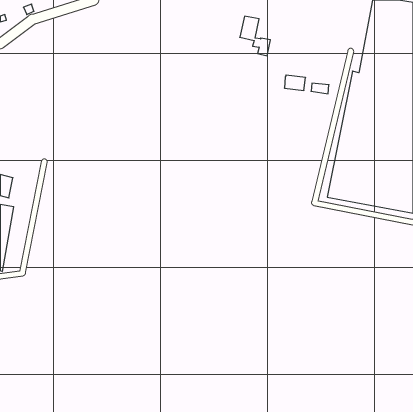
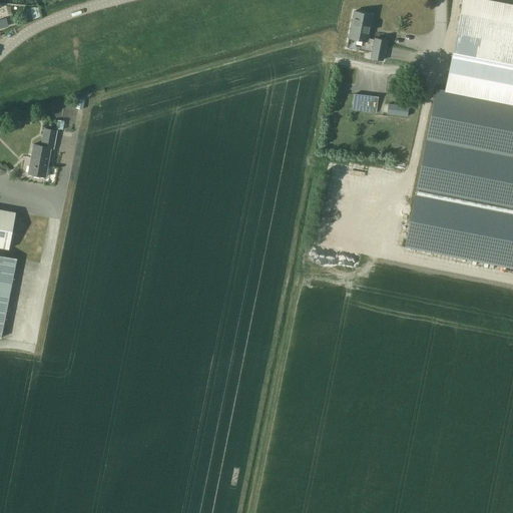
building: [240,16,270,56] -> [349,12,387,61]
building: none -> [28,129,56,176]

